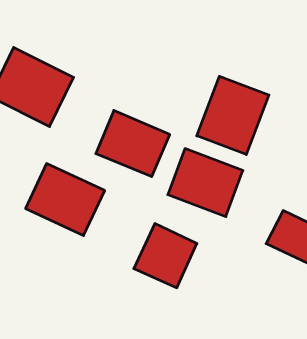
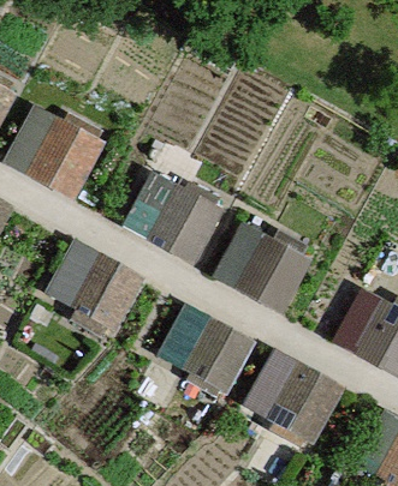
building: [197,76,269,155] -> none
building: none -> [242,346,345,443]

